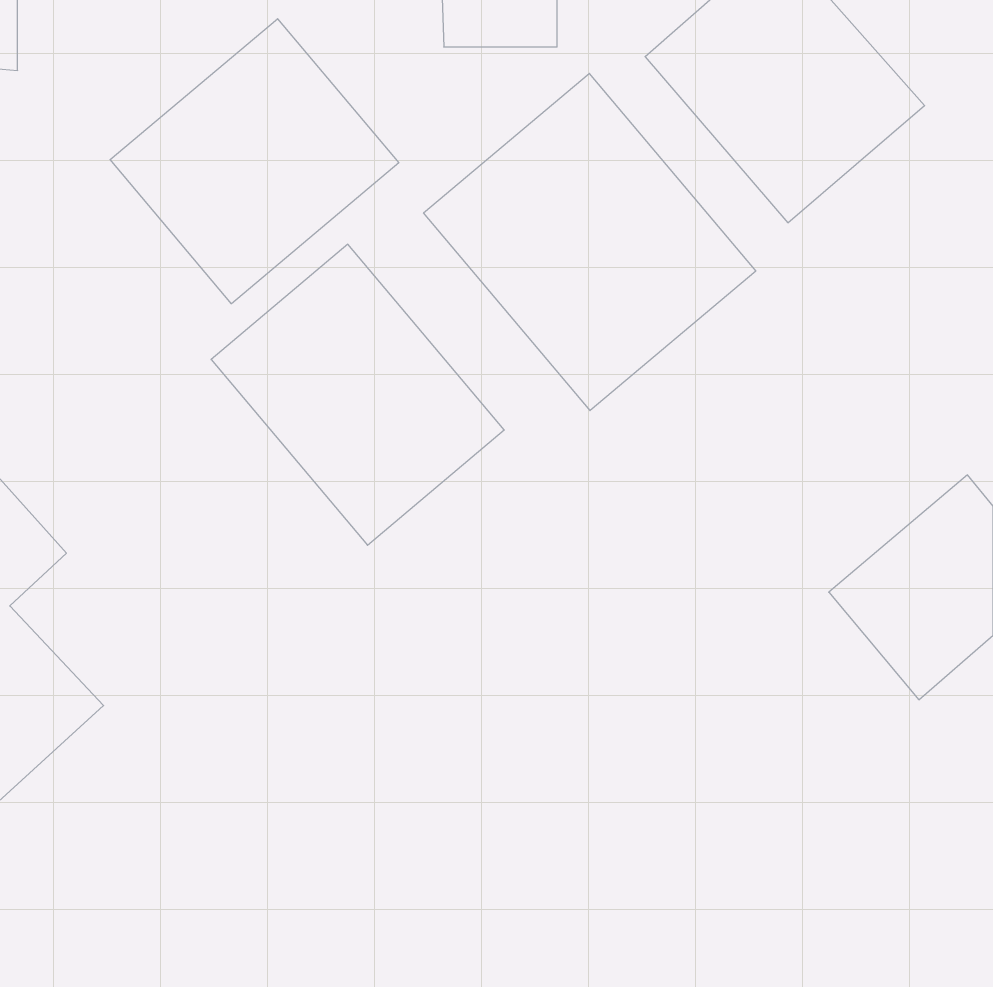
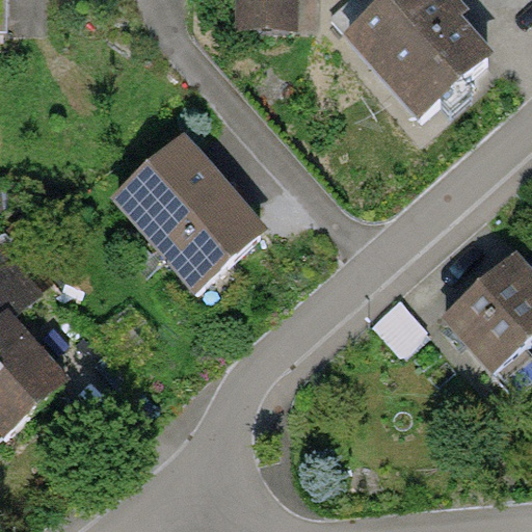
building: [110,19,399,304] -> none
building: [424,73,756,411] -> none

